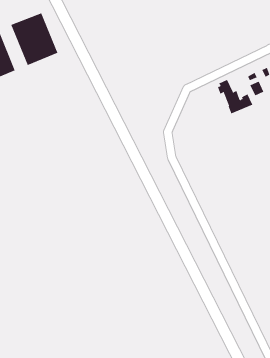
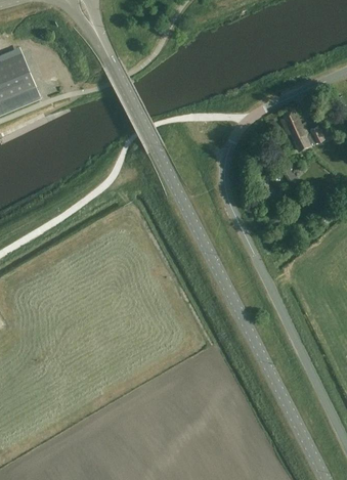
building: [11,13,58,66] -> none

